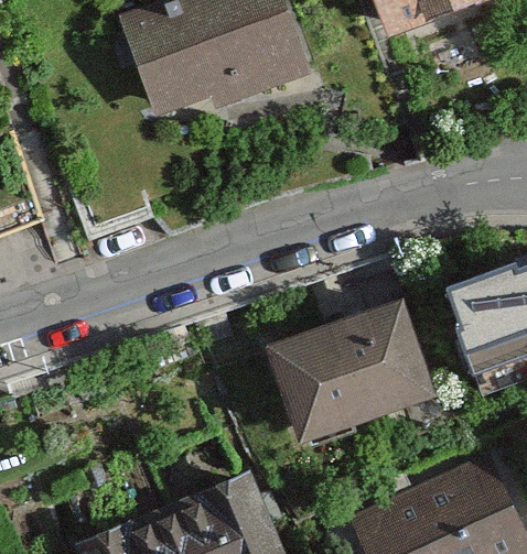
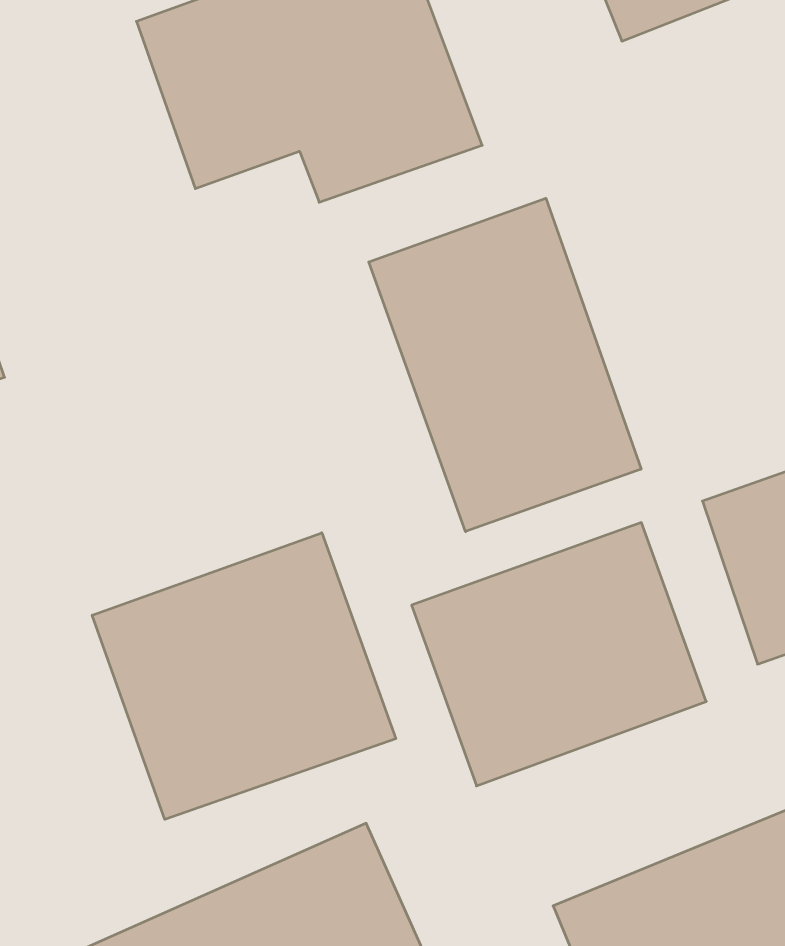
building: none -> [369,198,641,532]
building: none -> [92,533,396,819]

